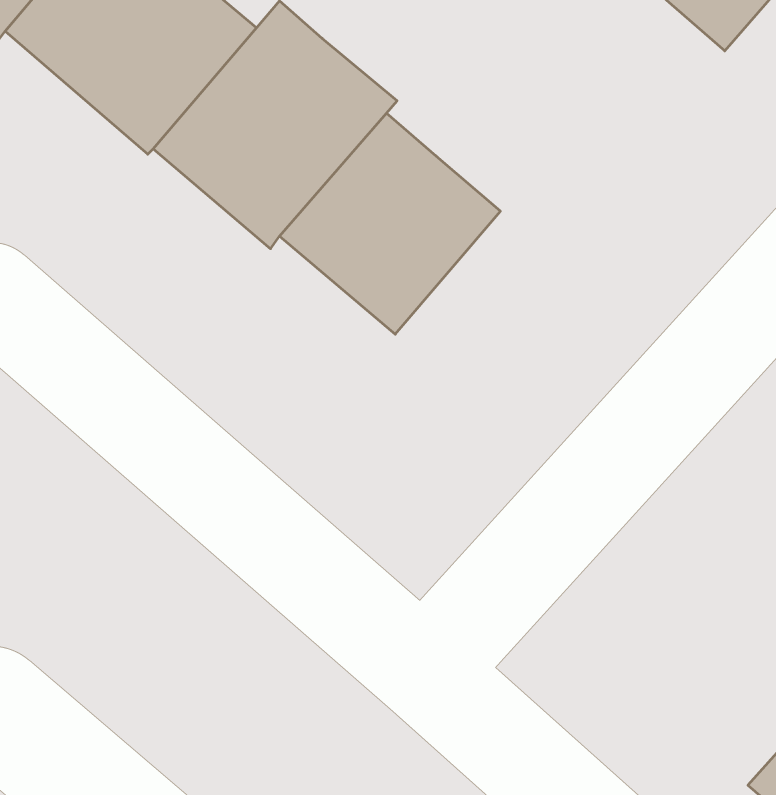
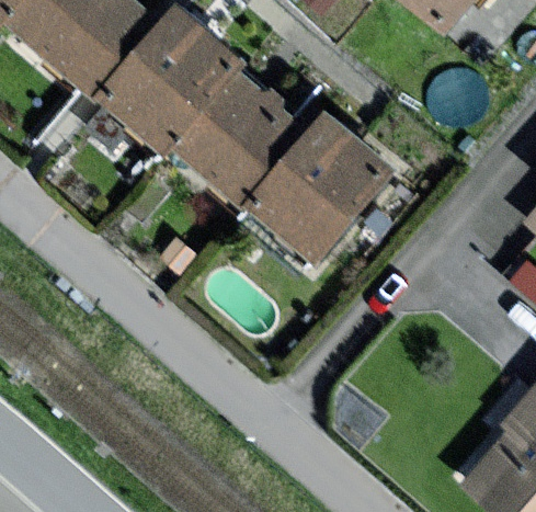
building: none -> [246,114,394,266]

